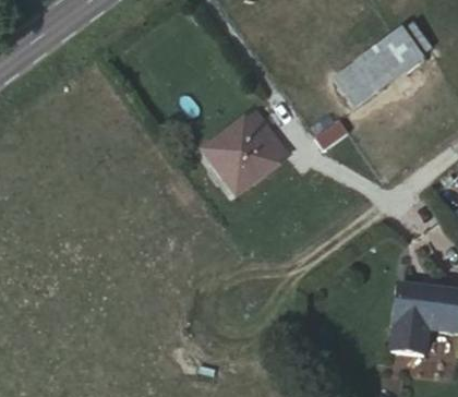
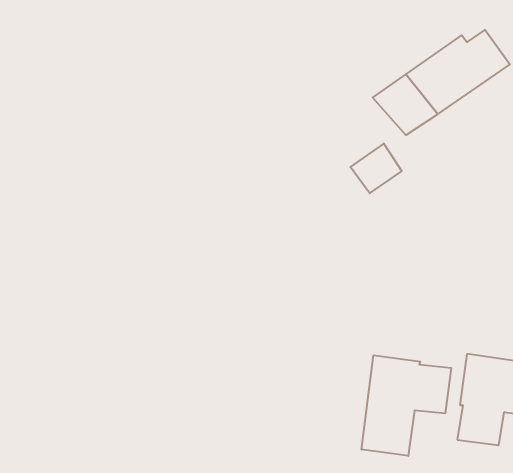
building: [196,108,286,194] -> none
building: none -> [361,355,451,456]

